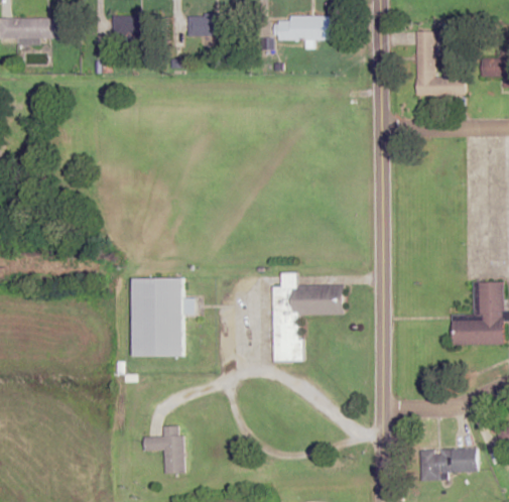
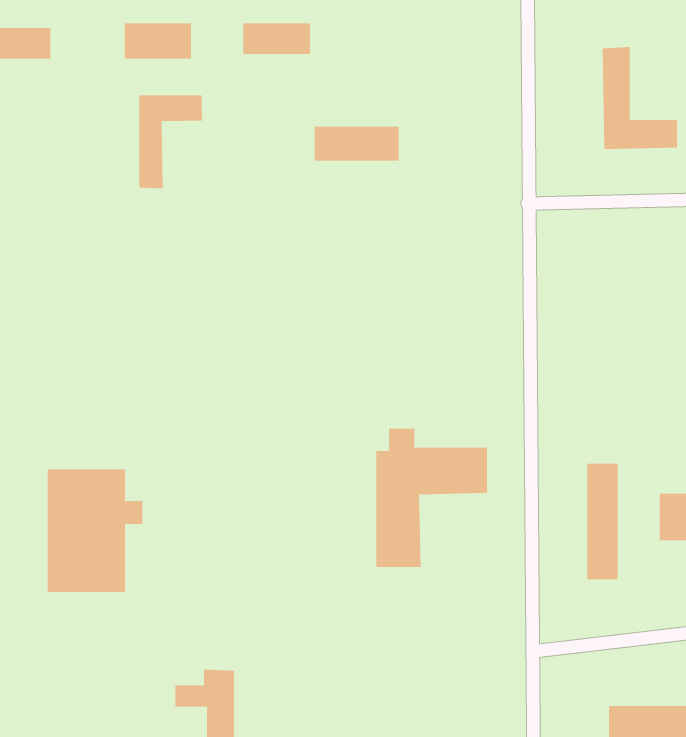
building: [277,17,332,39] -> [314,126,399,161]
building: none -> [139,95,203,189]
building: [132,278,194,357] -> [47,469,143,592]
building: none -> [587,463,618,580]

